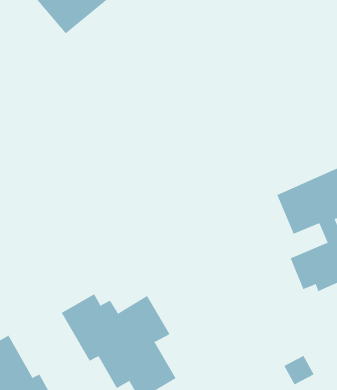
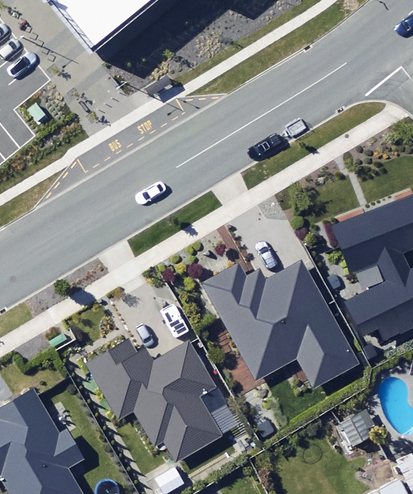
building: none -> [204,263,357,388]

